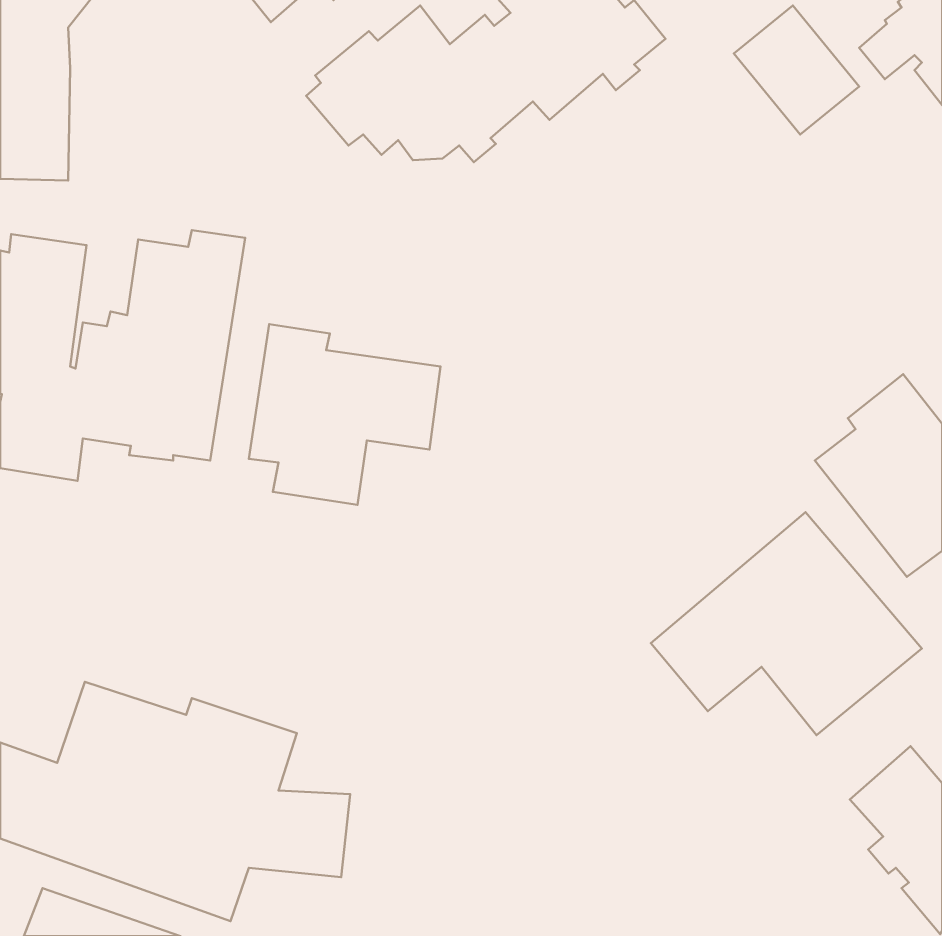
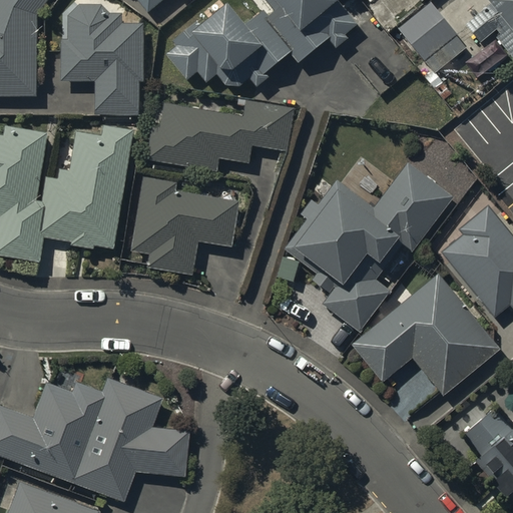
building: none -> [60,4,144,115]
building: none -> [146,100,296,171]
building: none -> [285,162,453,333]

